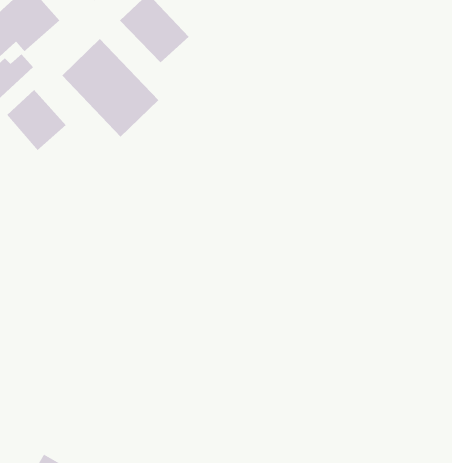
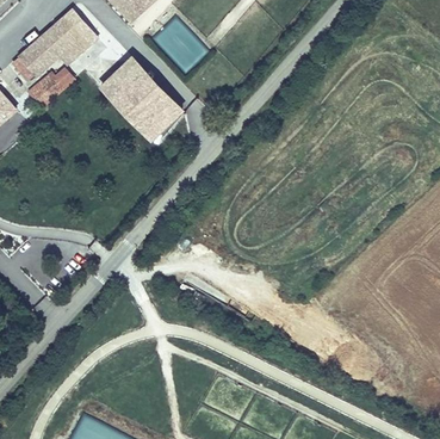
building: [7,89,67,151] -> none

